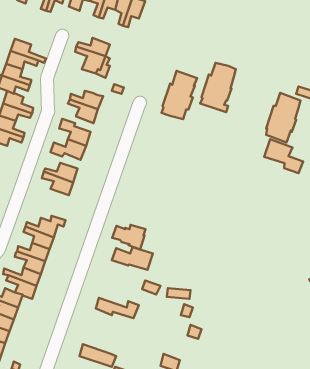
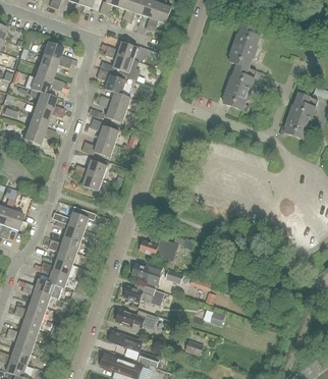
building: none -> [97,67,130,95]
building: [161,71,197,119] -> [229,21,263,67]
building: [264,139,303,173] -> none
building: [112,225,146,250] -> [131,262,163,285]
building: none -> [115,309,158,329]

